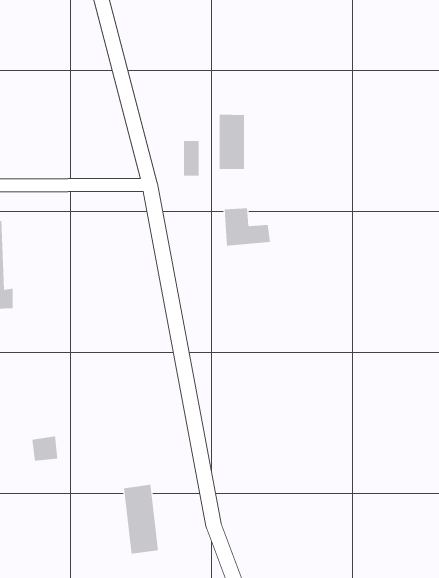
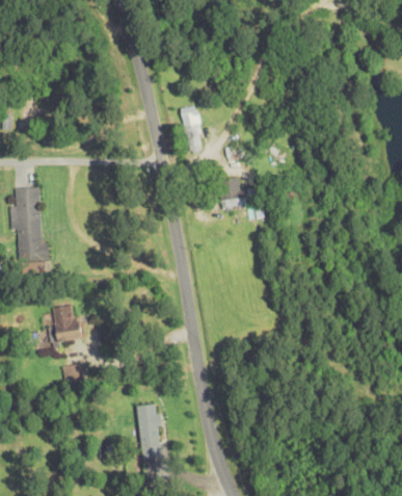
building: [219,114,245,170] -> none
building: none -> [53,304,79,340]

